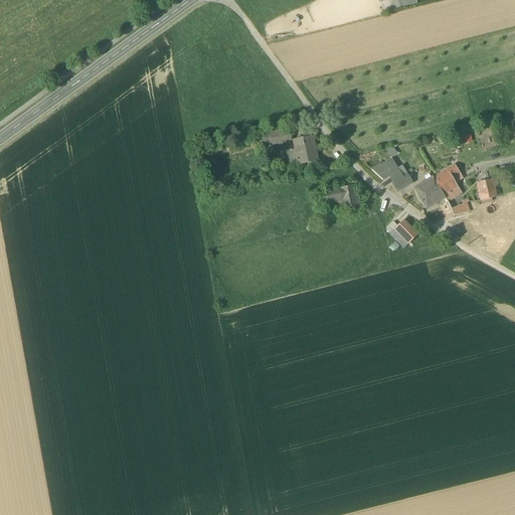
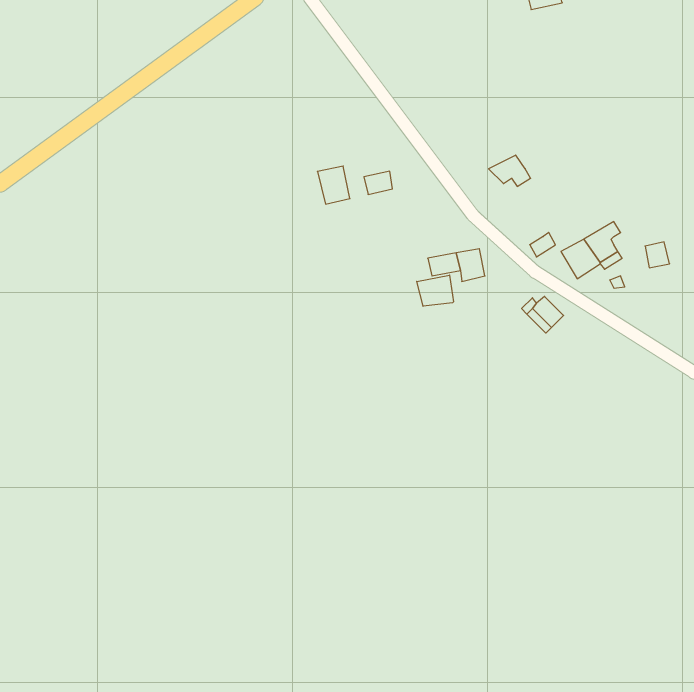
building: [293,135,317,163] -> [317,166,350,204]
building: [371,158,402,181] -> [489,155,531,186]
building: none -> [417,275,454,306]

